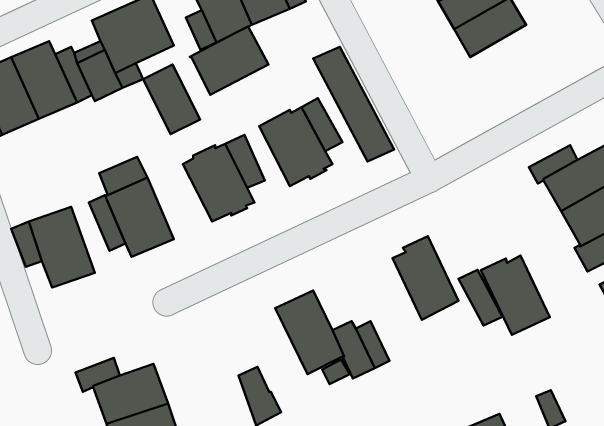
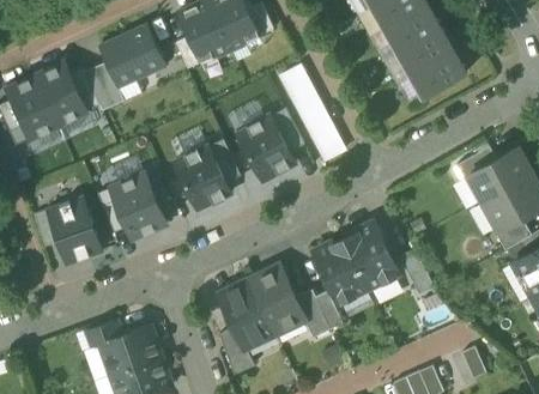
building: none -> [407,49,466,99]
building: [190,27,269,95] -> none
building: [143,64,200,134] -> none
building: [481,256,550,335] -> [311,240,368,304]
building: none -> [218,280,274,348]

